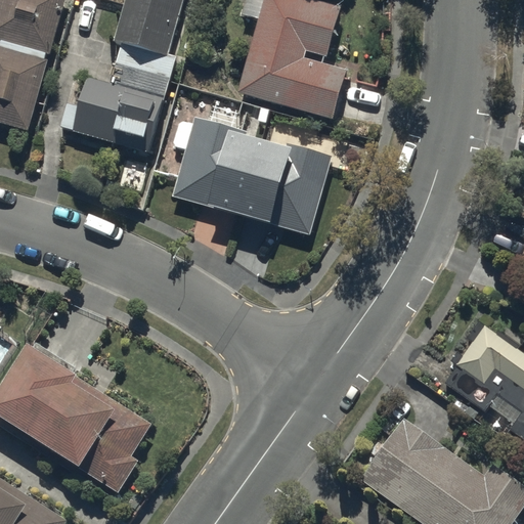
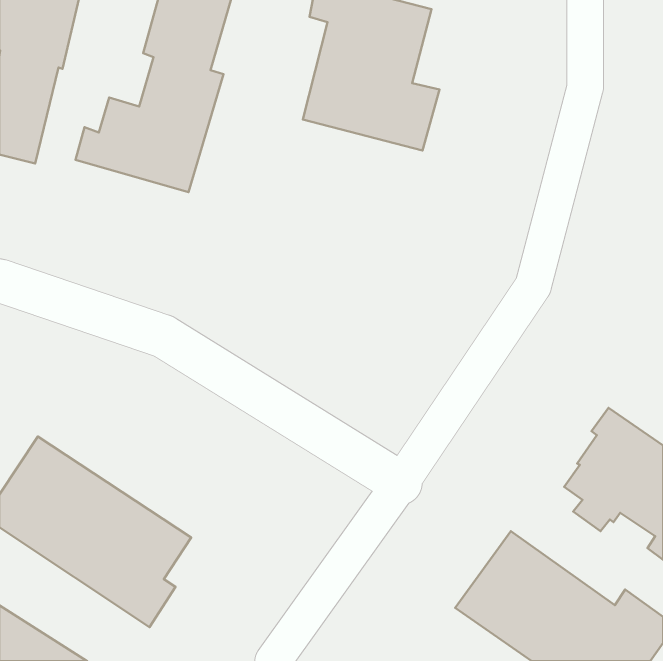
building: [171,117,331,234] -> none

